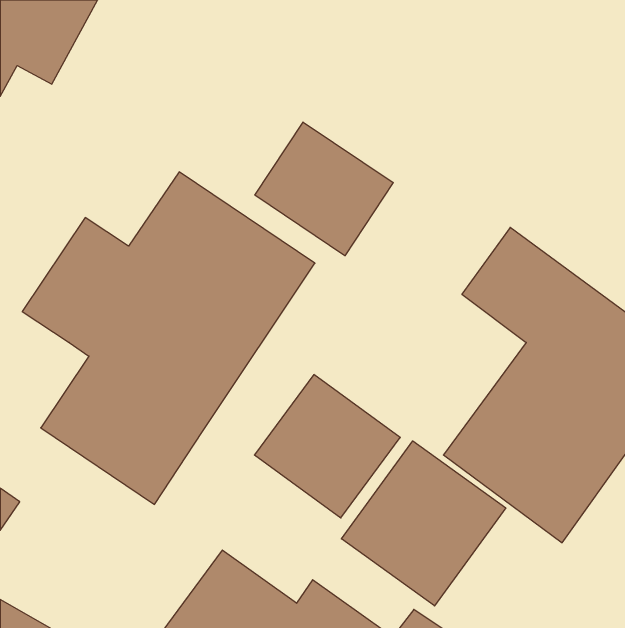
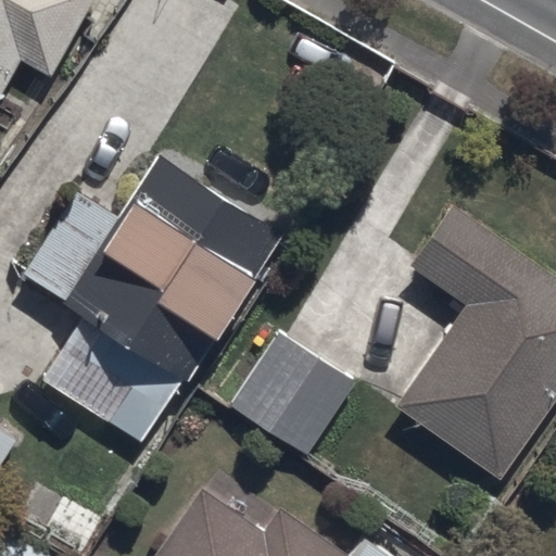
building: [255,122,393,256] -> none
building: [341,441,506,606] -> none

